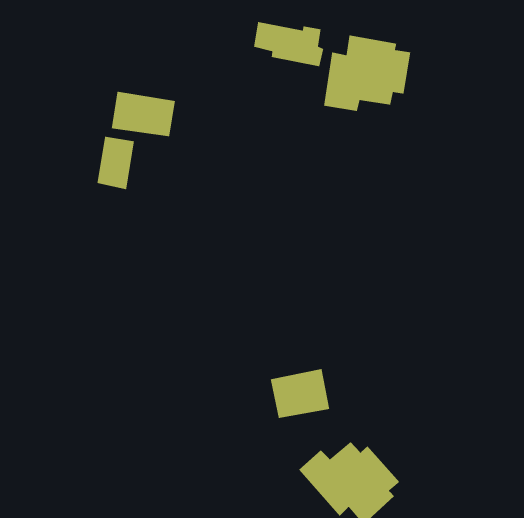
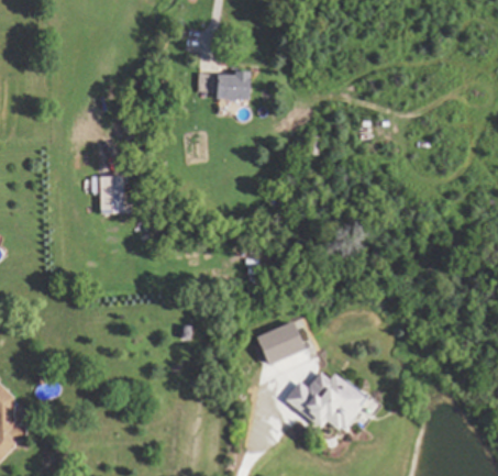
building: [323,35,411,112] -> none
building: [111,91,176,137] -> none

